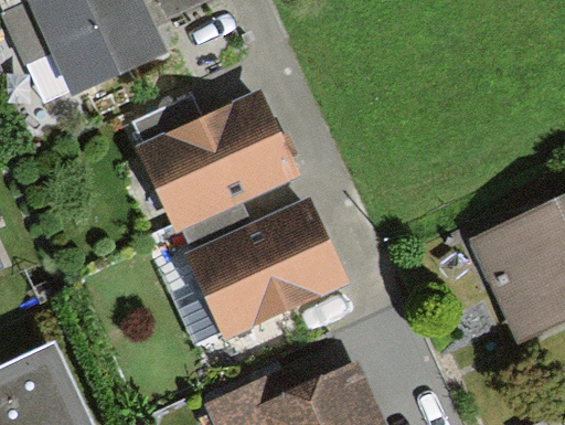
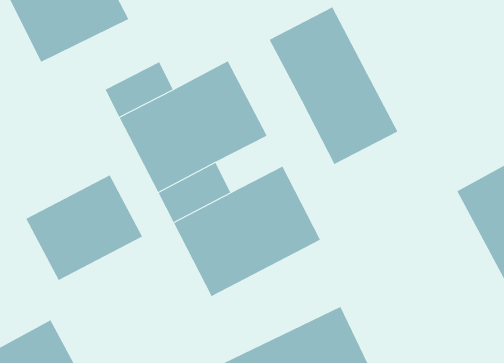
building: none -> [269,6,398,165]
building: none -> [26,175,143,281]

